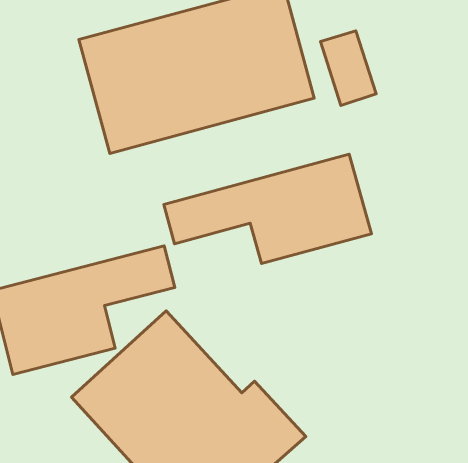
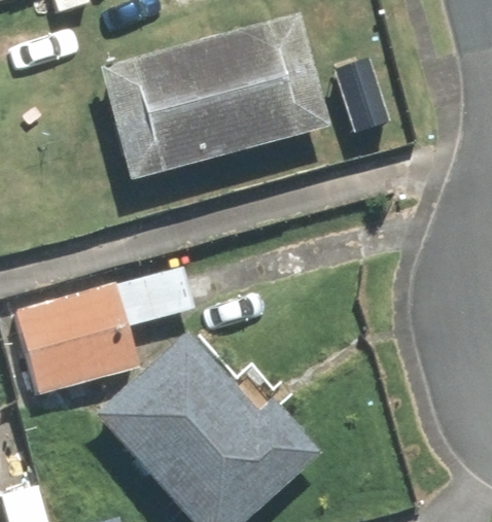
building: [164,154,371,263] -> none

